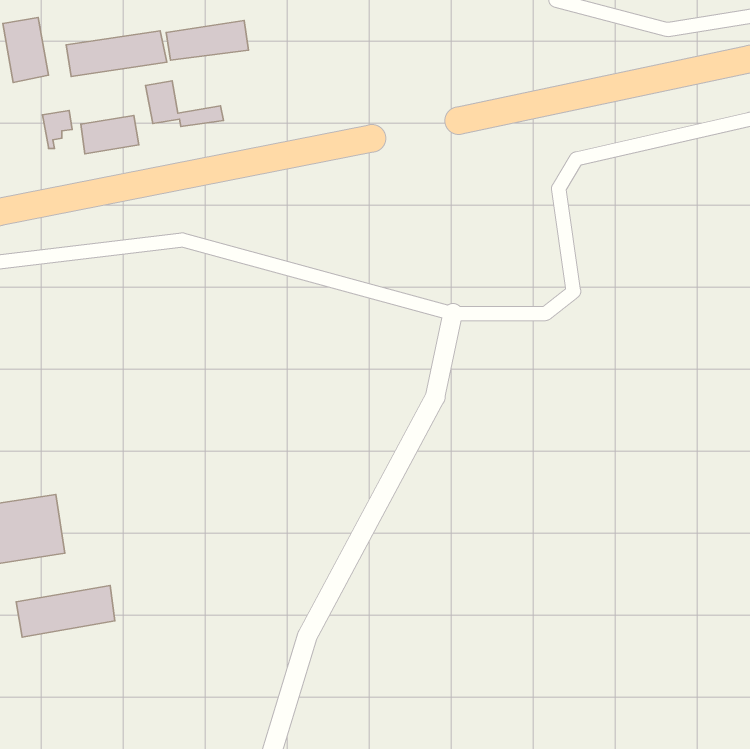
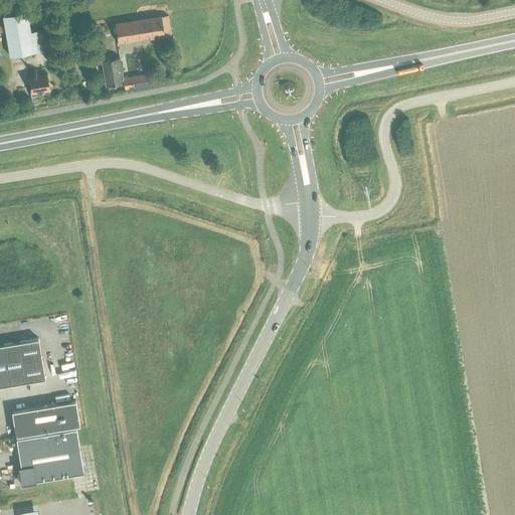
building: [66,31,167,77] -> none
building: [81,116,139,154] -> none
building: none -> [15,431,82,486]

